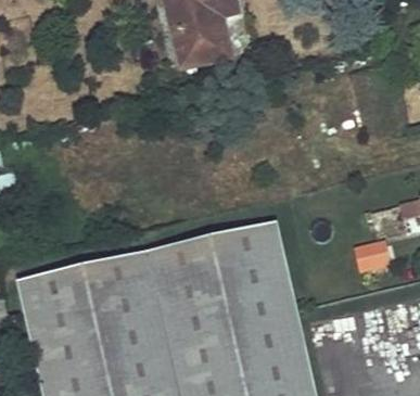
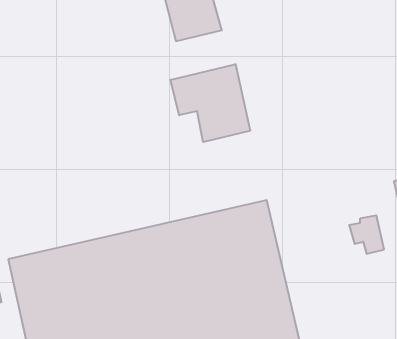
building: none -> [170,64,250,142]

